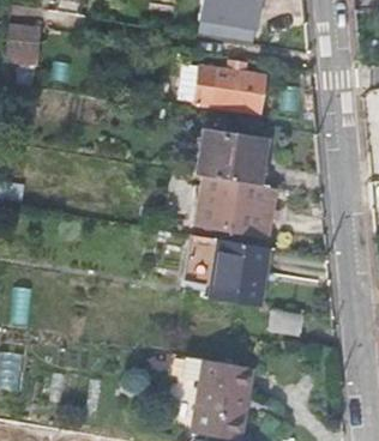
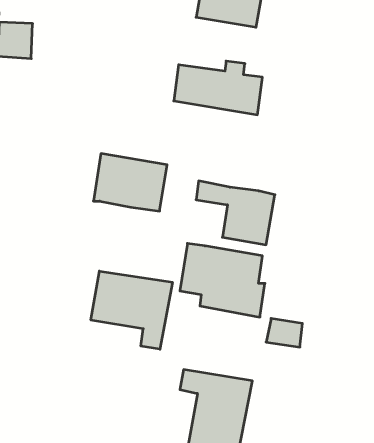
building: [194,132,265,187] -> [93,154,167,211]
building: none -> [91,271,172,349]

